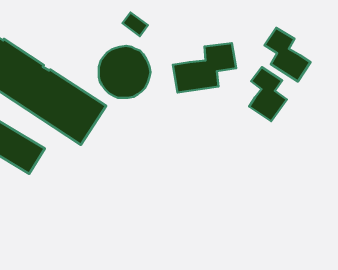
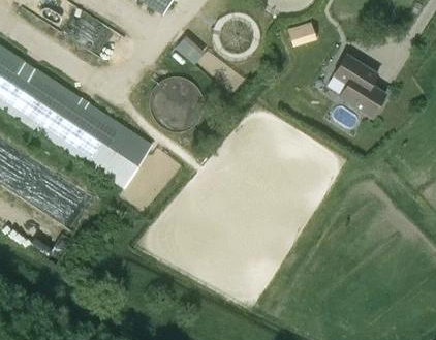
building: [173,43,236,93] -> none
building: [249,67,287,121] -> none

